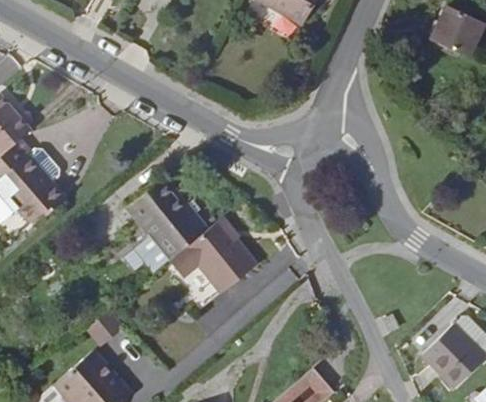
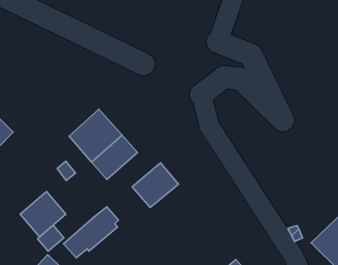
building: [173,222,241,281] -> [64,207,119,258]
building: none -> [20,192,66,237]

